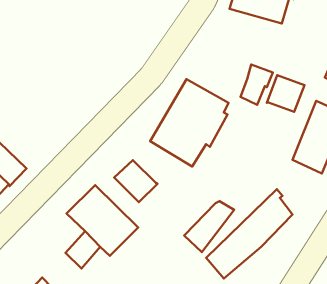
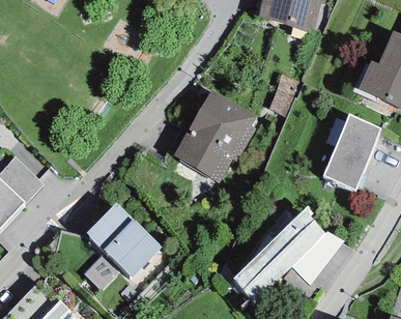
building: [267,75,305,112] -> none
building: [114,160,158,202] -> none
building: [184,201,234,252] -> [290,231,343,285]

